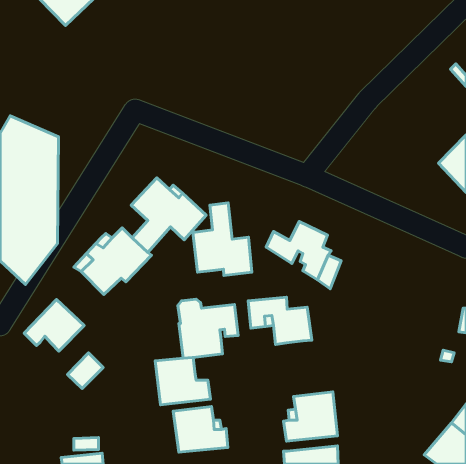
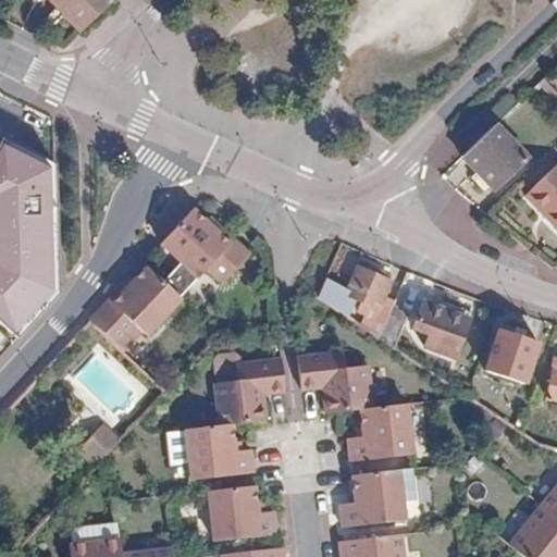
building: none -> [460,122,529,193]
building: [193,203,252,275] -> none
building: none -> [411,298,469,357]
building: none -> [484,326,540,383]
building: [24,300,84,351] -> none
building: none -> [346,401,413,460]

